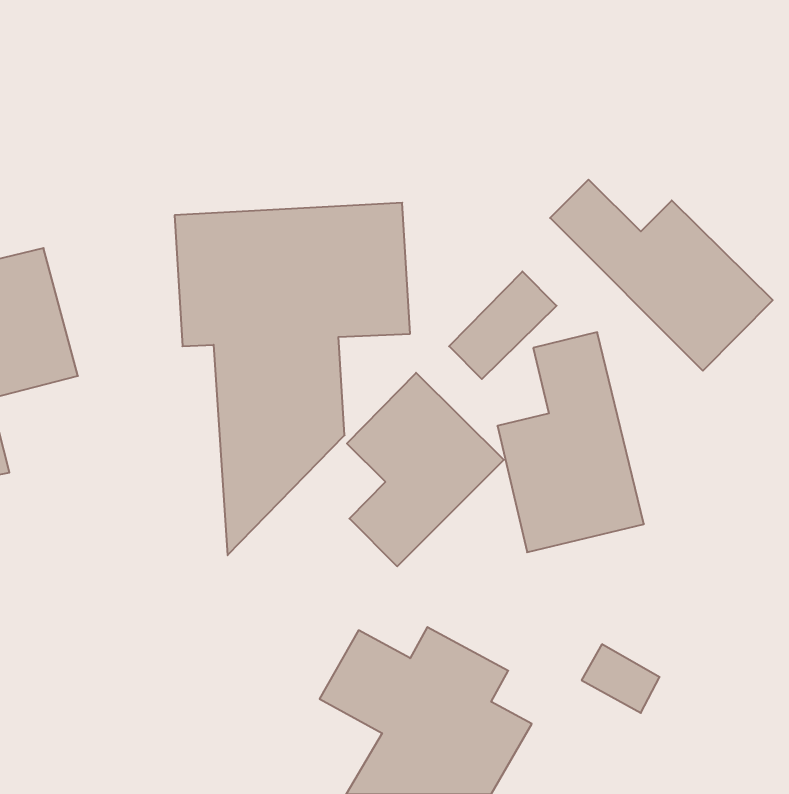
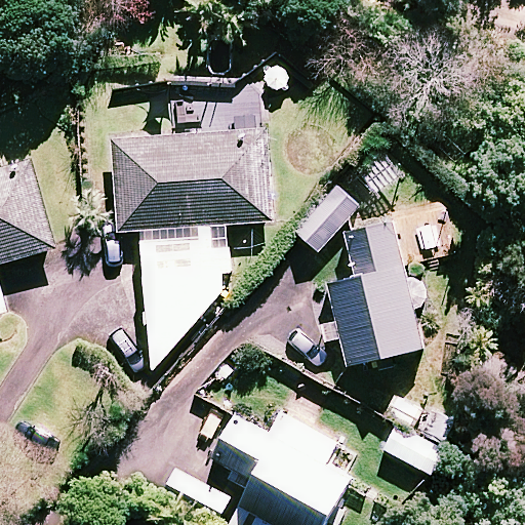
building: [550,180,773,371] -> none
building: [347,373,504,566] -> none

